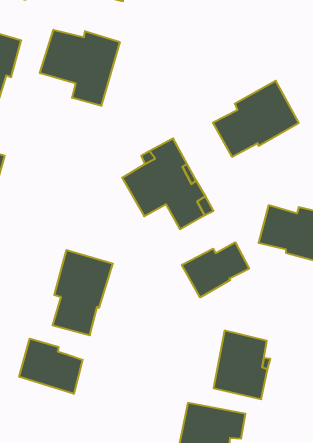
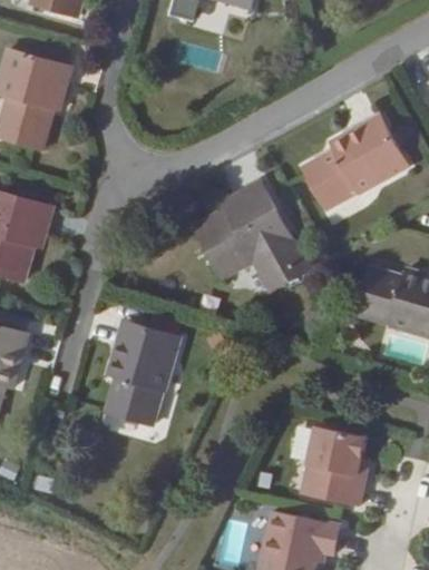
building: [40,30,120,106] -> none
building: [182,242,249,297] -> none
building: [19,339,83,394] -> none

